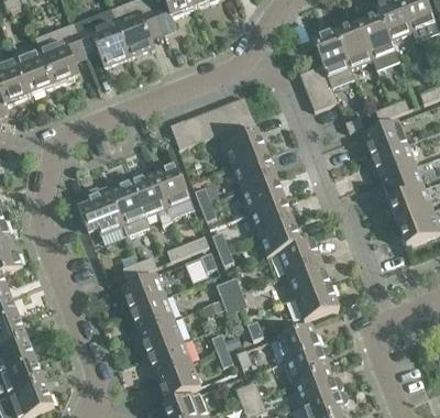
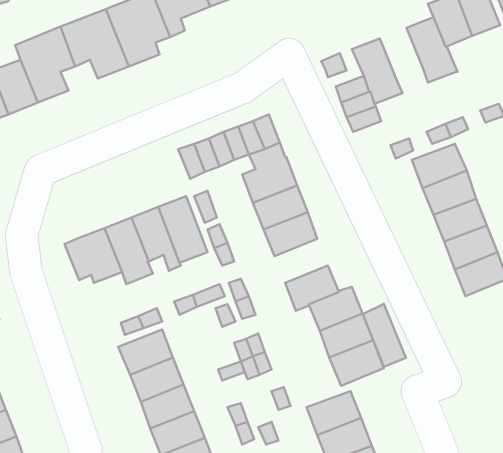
building: [336,25,372,69] -> none
building: [249,199,293,235] -> none
building: none -> [363,304,406,367]

